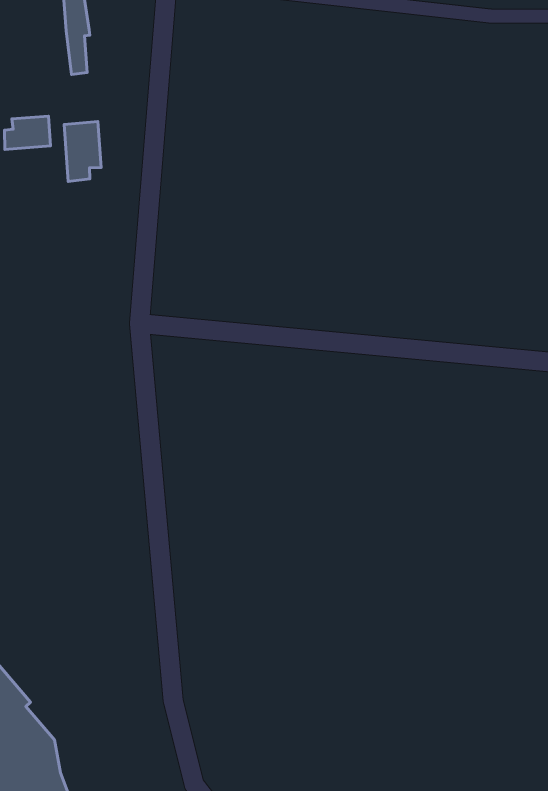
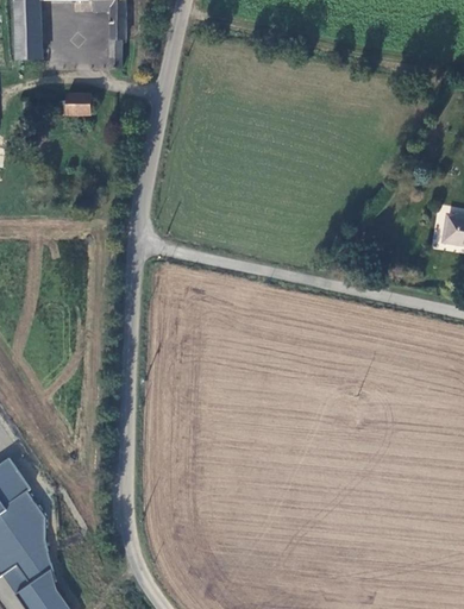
building: [64,122,101,182] -> none

